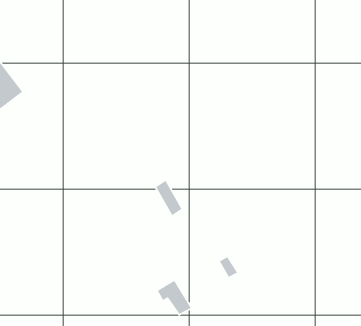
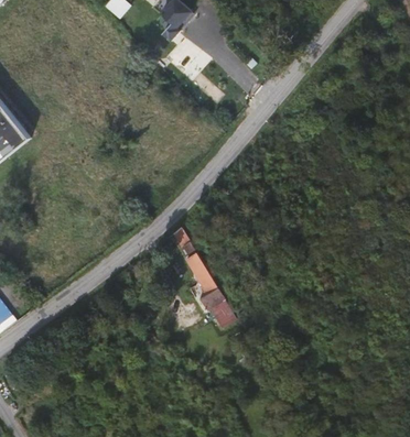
building: [157,280,192,315] -> [198,285,238,325]

